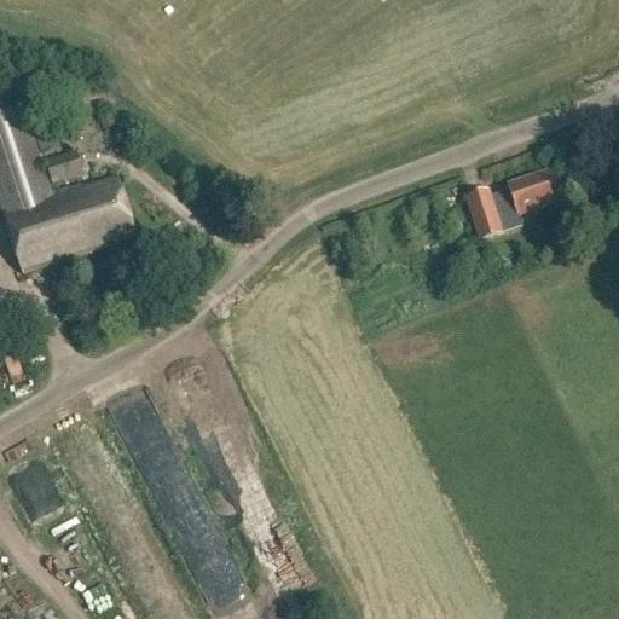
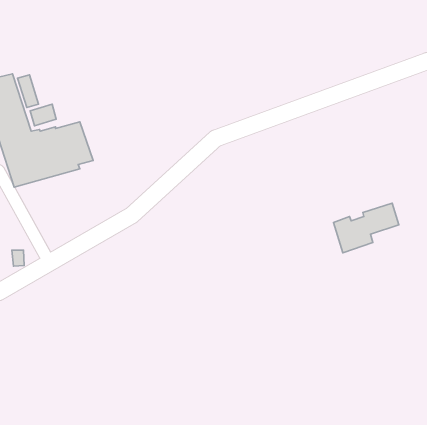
building: [463,167,557,238] -> [333,203,399,253]

